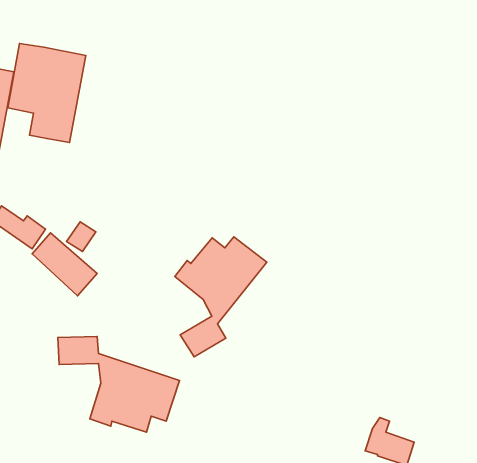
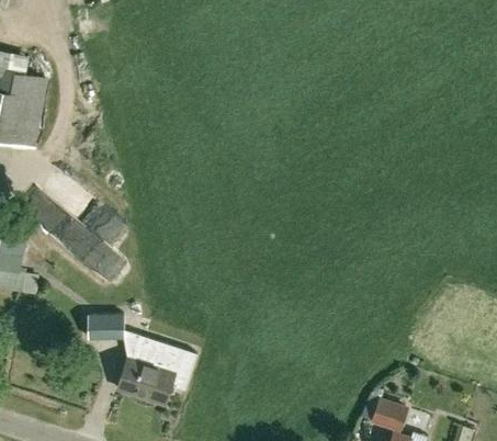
building: [8,44,86,143] -> none
building: [175,237,267,357] -> none

